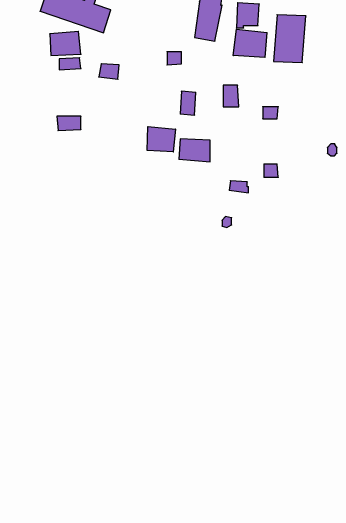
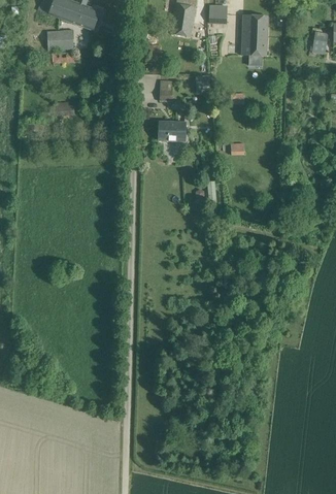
building: [233,29,267,57] -> none
building: [147,127,175,152] -> none

